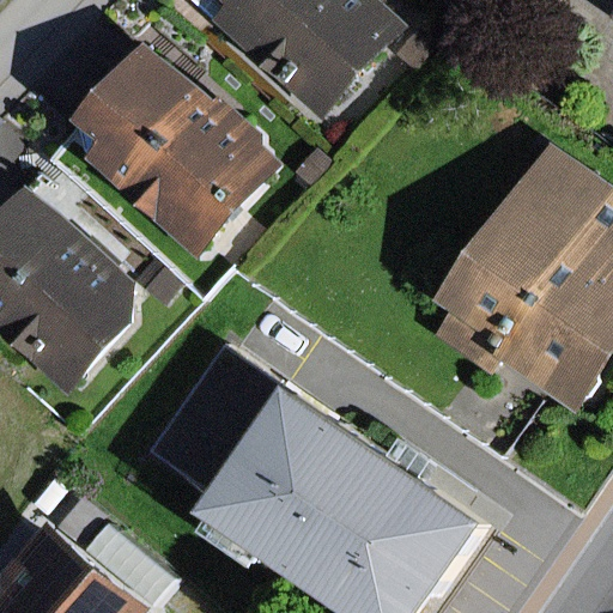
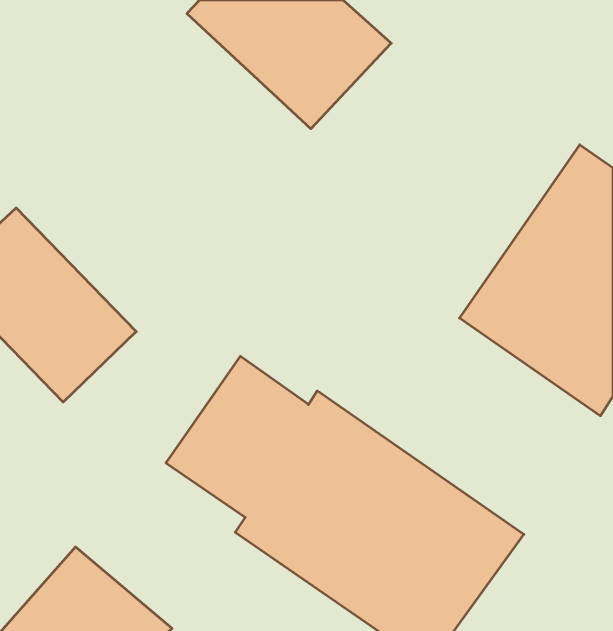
building: [69,56,267,255] -> none

